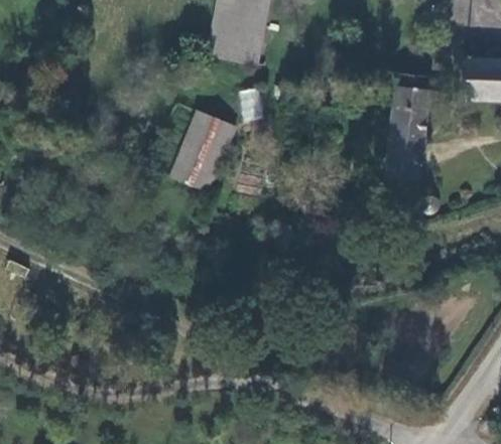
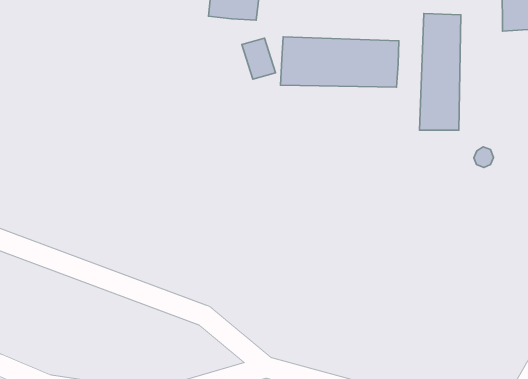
building: none -> [281,37,399,87]
building: [168,109,237,191] -> none

